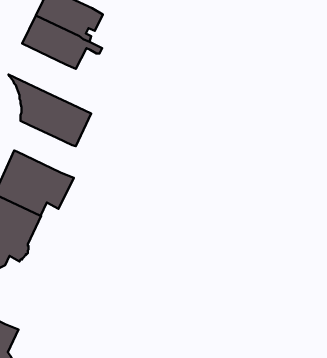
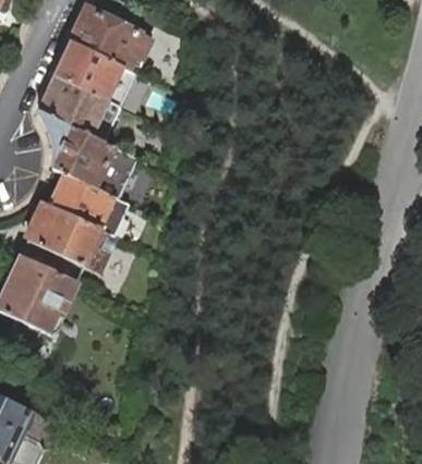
building: none -> [36,73,134,141]
building: none -> [46,171,125,233]

